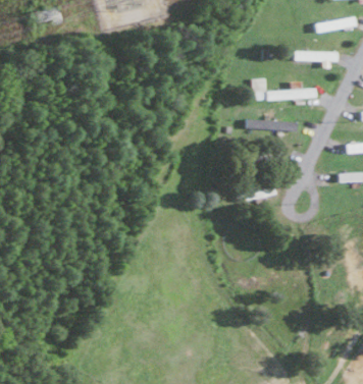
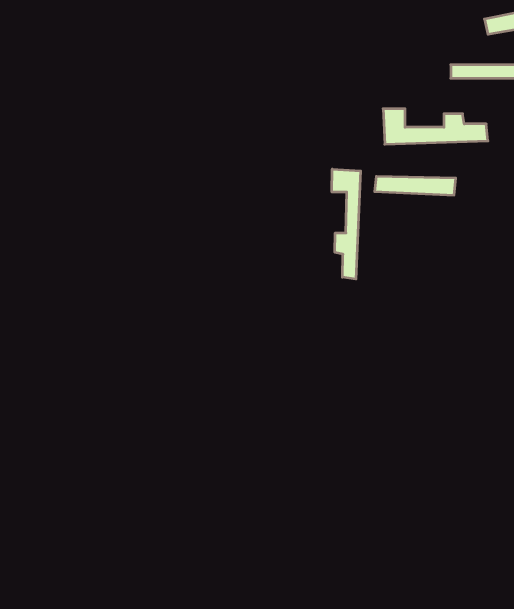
building: none -> [332,169,361,279]

